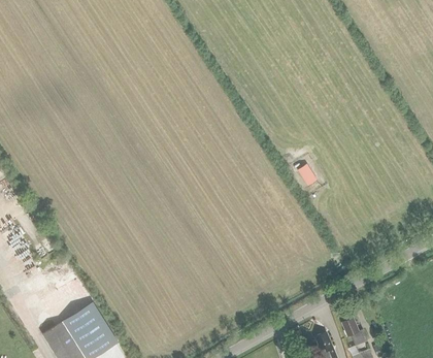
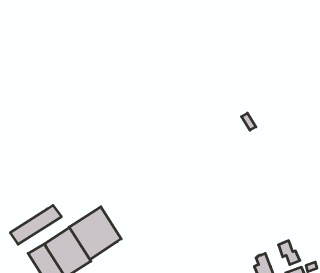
building: none -> [10,205,61,244]
building: none -> [69,207,121,260]

